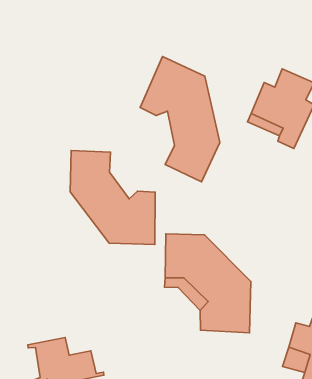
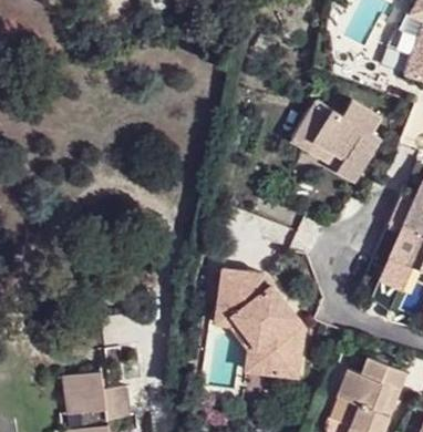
building: [140,57,220,182] -> none
building: [70,151,155,244] -> none

